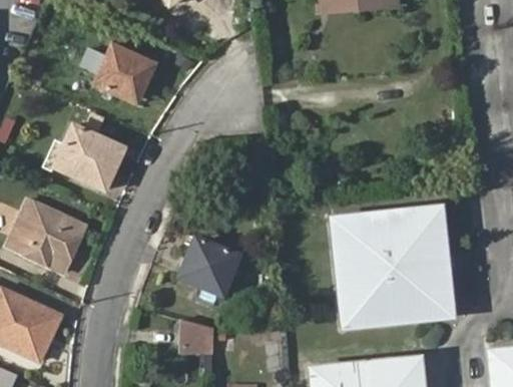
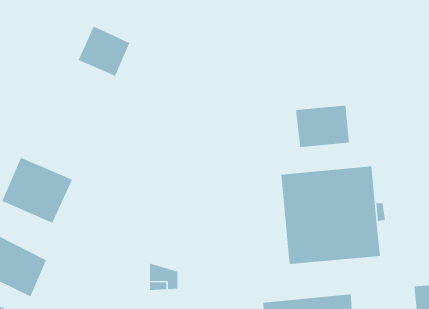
building: [56,124,124,189] -> none
building: none -> [296,105,349,148]
building: [180,235,238,293] -> none

